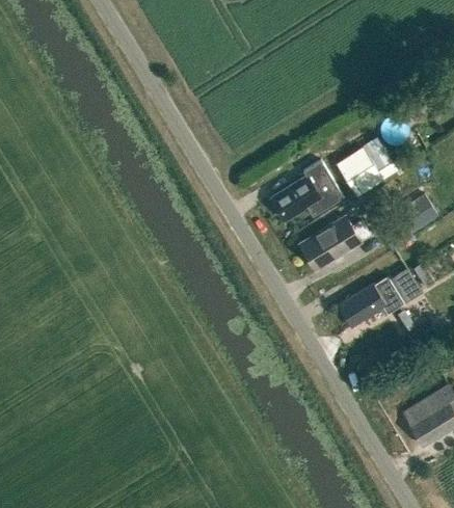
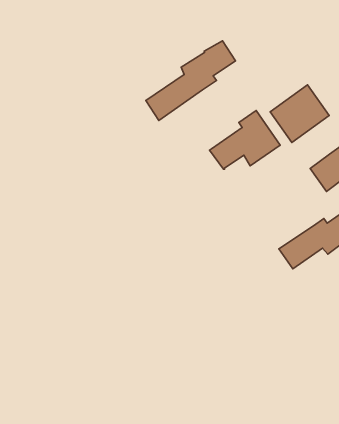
building: none -> [146,41,236,121]
building: [300,217,371,270] -> none

